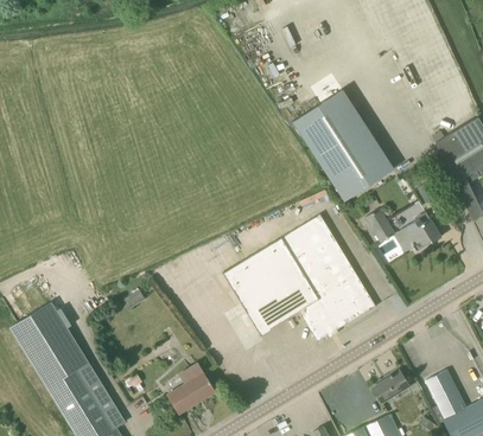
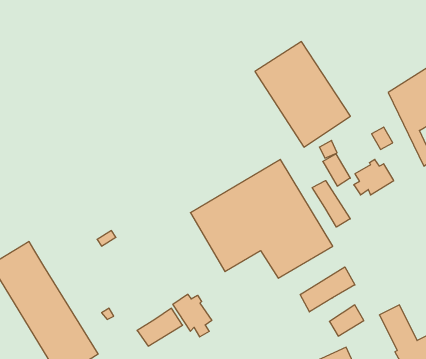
building: none -> [312,181,350,227]
building: none -> [300,267,355,312]
building: none -> [173,294,212,337]

